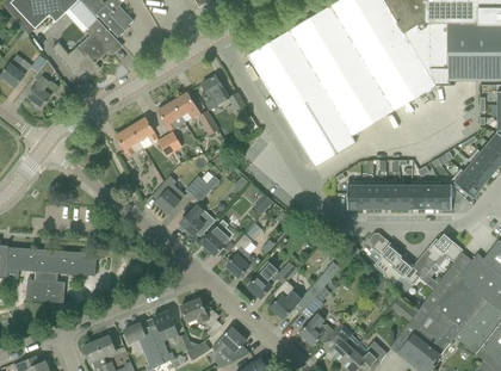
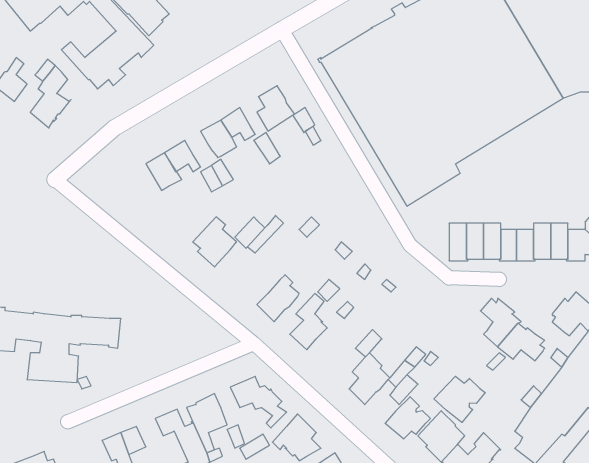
building: [179,204,215,235] -> none
building: [248,260,278,298] -> none
building: none -> [434,376,485,422]

